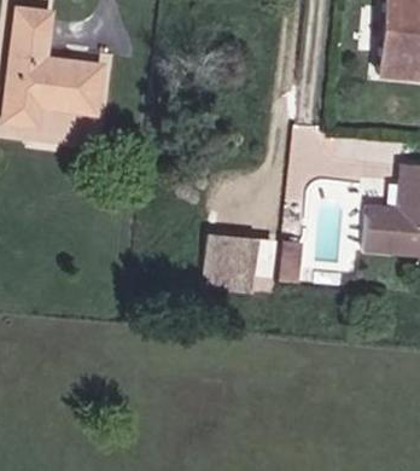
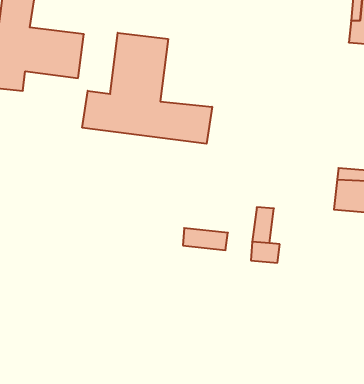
building: none -> [82,33,212,144]
building: [206,234,256,274] -> none

